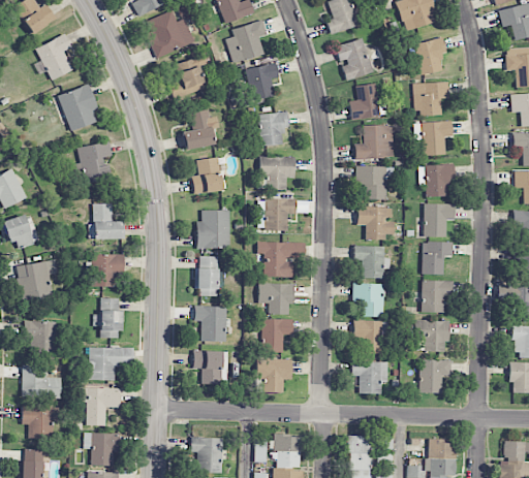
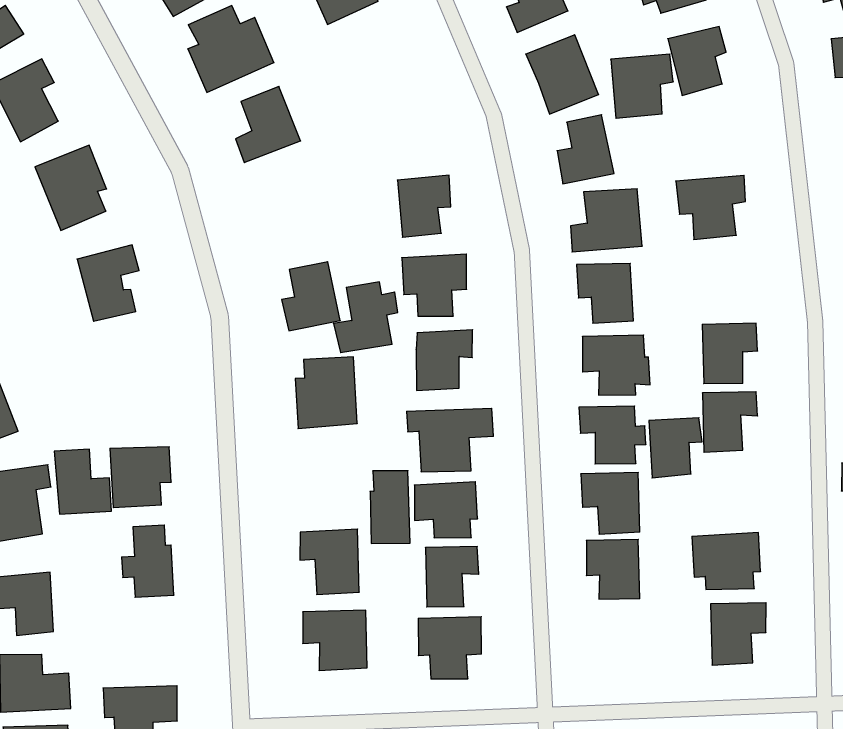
building: [226,21,267,63] -> none
building: [248,64,278,100] -> none
building: [415,83,449,117] -> [611,54,673,118]
building: [182,110,218,149] -> [333,282,398,353]
building: [419,164,453,197] -> none
building: [93,204,123,240] -> [54,449,111,514]
building: [195,256,218,297] -> [370,471,410,543]
building: [422,281,450,313] -> [649,418,702,478]
building: [90,347,133,381] -> none
building: [351,361,387,394] -> none

